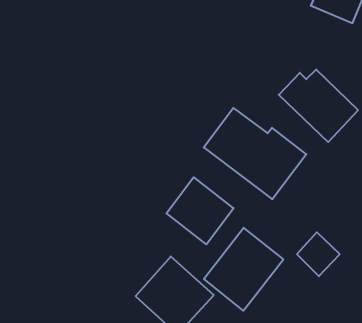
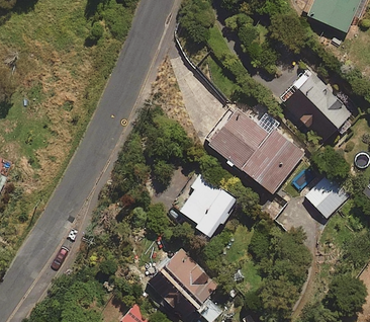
building: [204,228,283,311] -> none
building: [297,232,340,276] -> [305,176,345,217]

